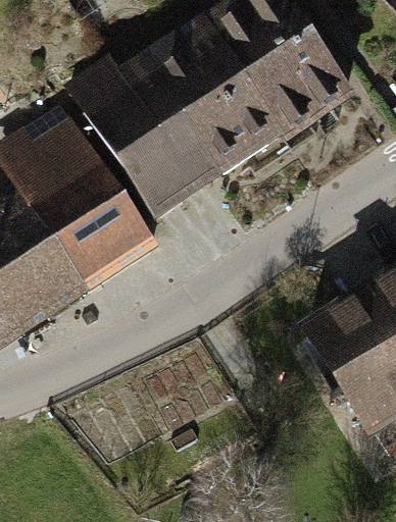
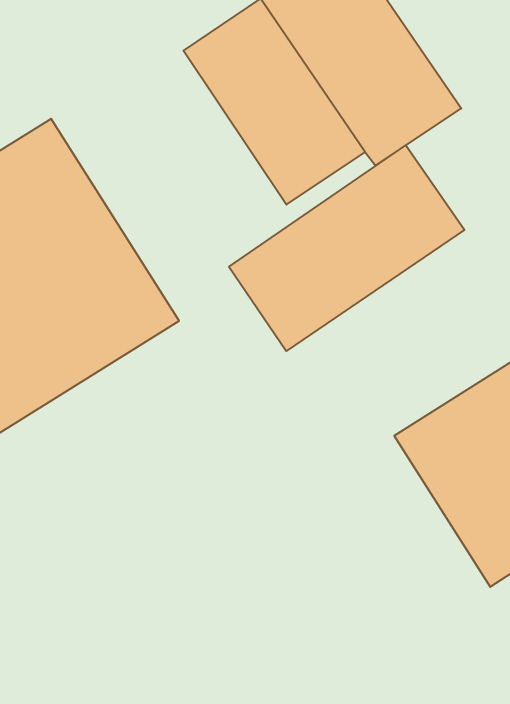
building: [78,58,231,211] -> none
building: none -> [229,145,464,351]

